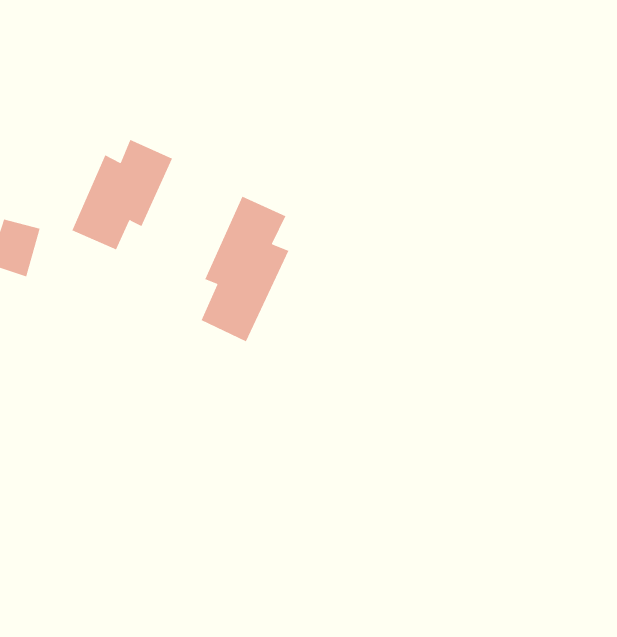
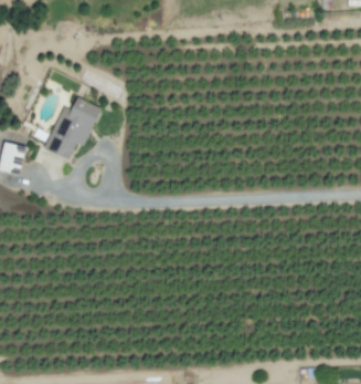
building: [201,196,289,342] -> none

